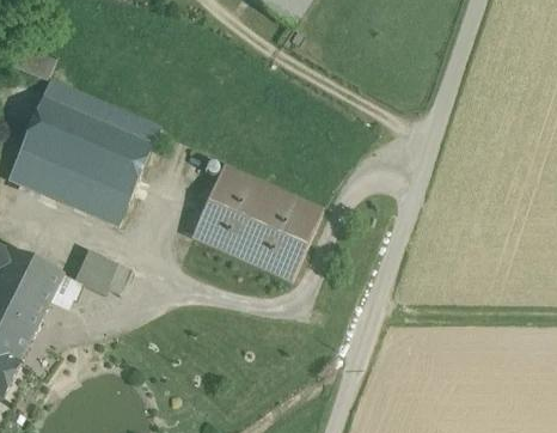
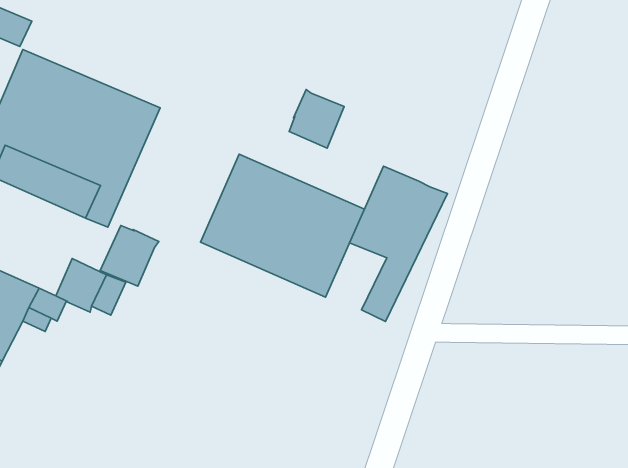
building: none -> [289,90,344,148]
building: none -> [350,166,447,321]
building: none -> [100,226,159,286]

